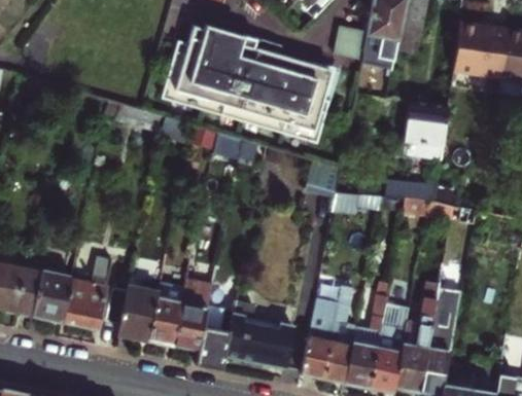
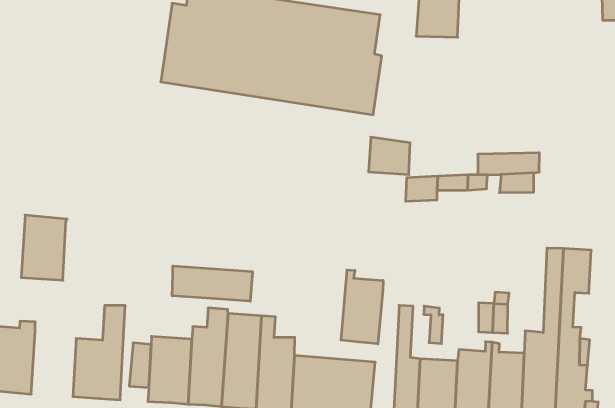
building: [405,100,449,158] -> none
building: none -> [172,266,252,301]
building: none -> [341,270,383,344]
building: [33,271,73,323] -> [21,215,67,280]

